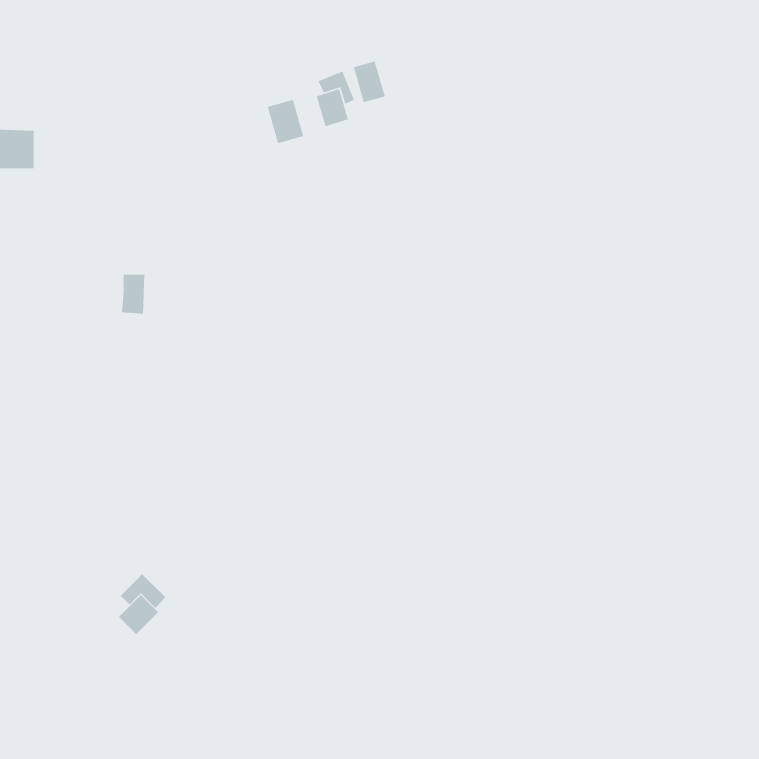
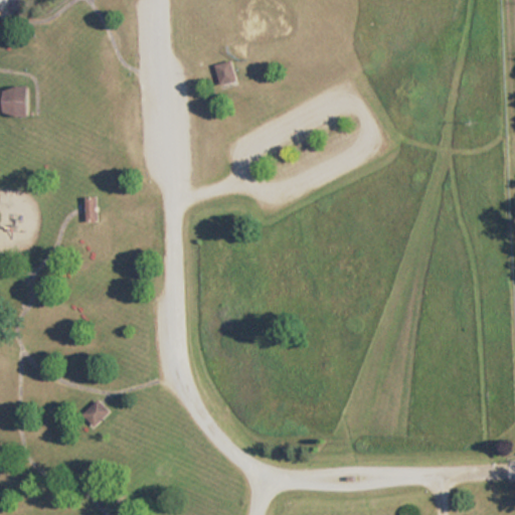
building: [353,60,386,103] -> none
building: [267,99,304,144] -> none

